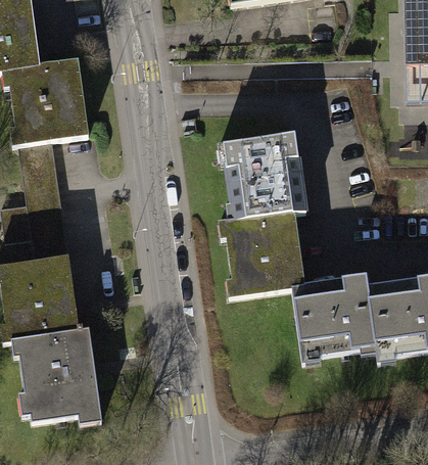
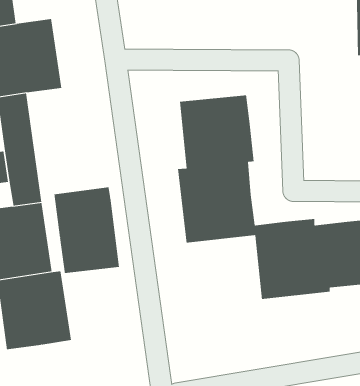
building: none -> [54,186,119,274]

